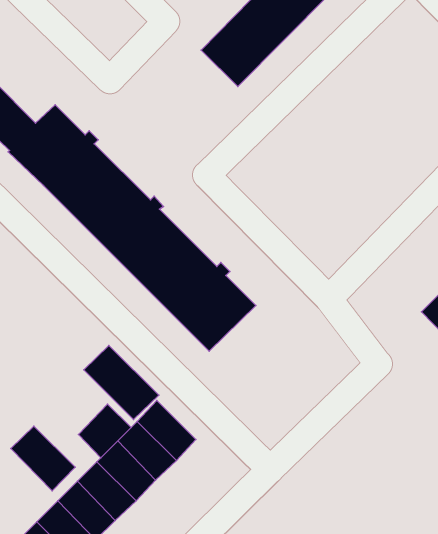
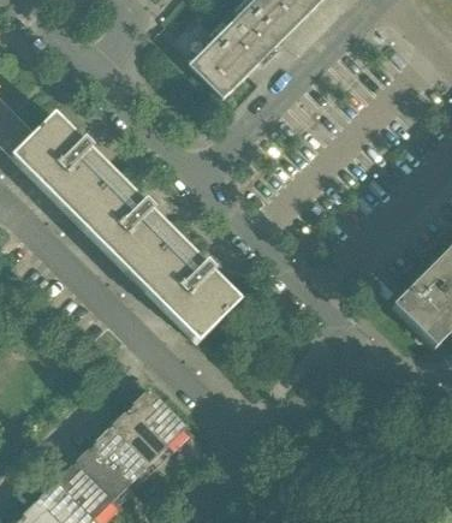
building: [84,345,159,420] -> none
building: [78,404,131,458] -> none
building: [11,426,75,491] -> none

